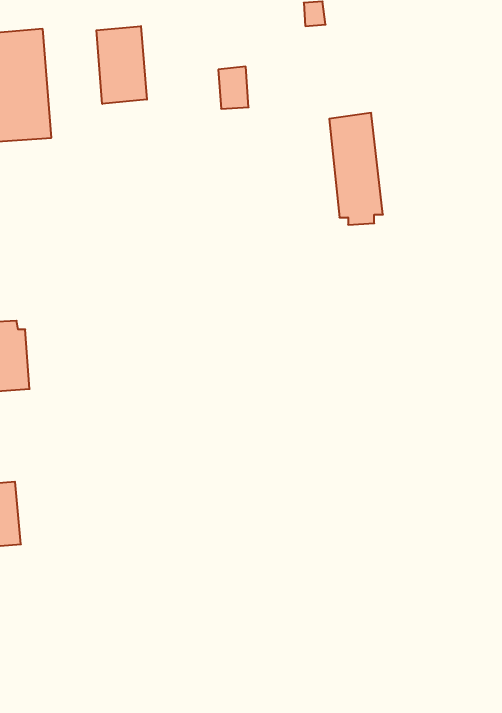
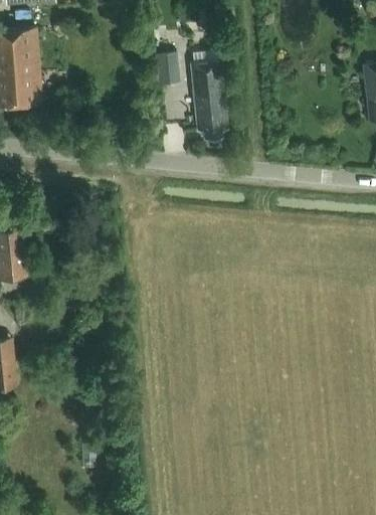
building: [96,26,147,104] -> none
building: [329,113,383,225] -> [191,61,228,139]

